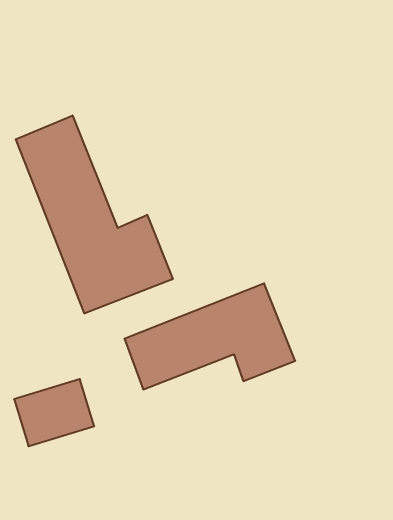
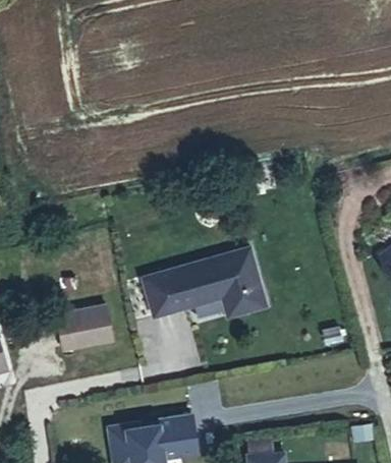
building: [16,115,173,313] -> none

